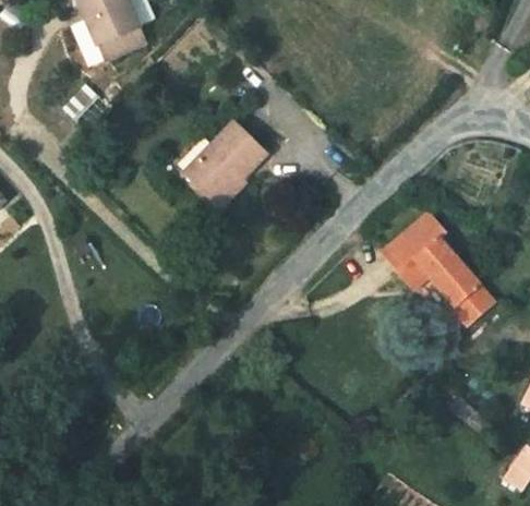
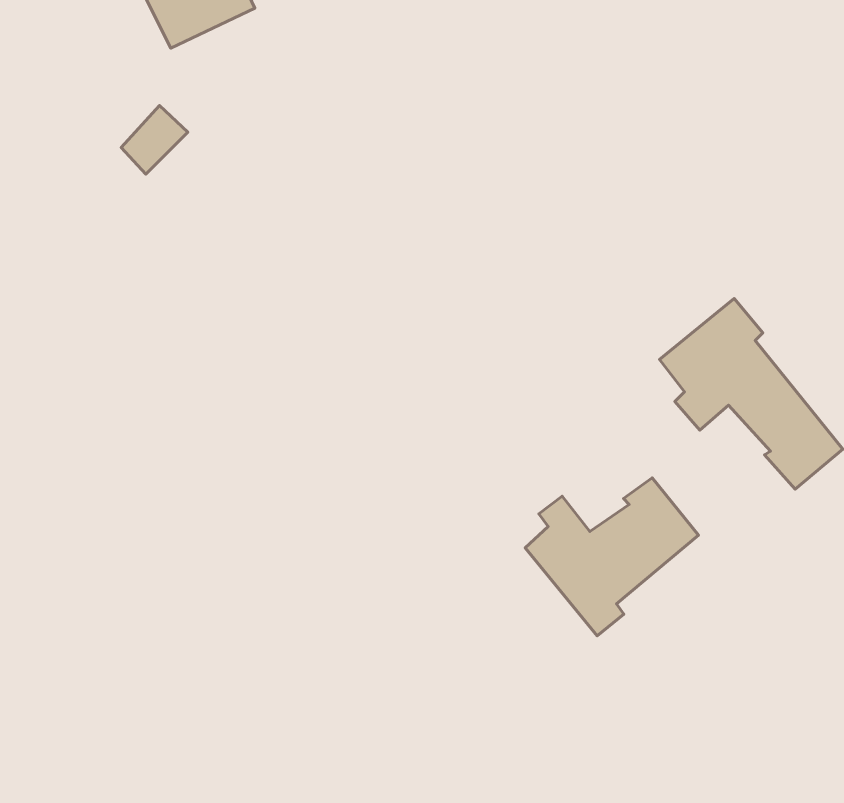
building: [185,126,267,208] -> none
building: none -> [525,478,698,636]

